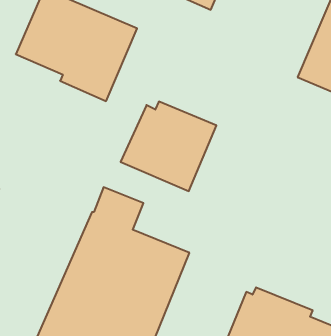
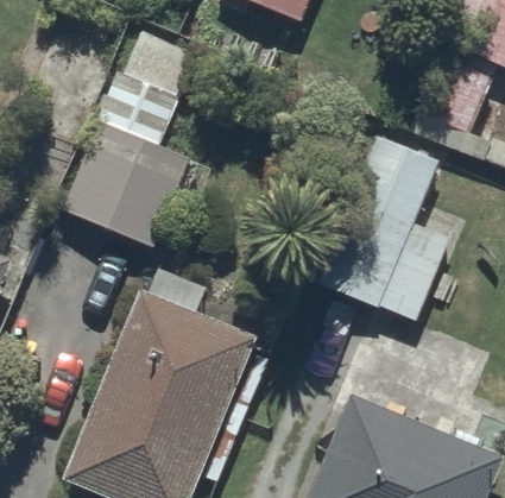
building: none -> [322,126,448,319]
building: [121,102,216,191] -> [63,130,191,250]

